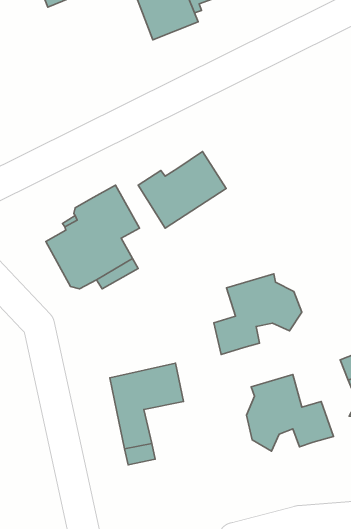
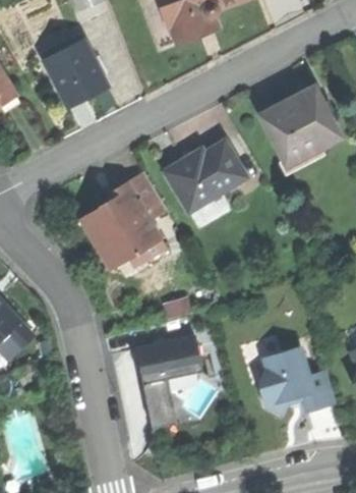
building: none -> [43,40,109,108]
building: none -> [257,87,339,166]
building: [214,274,302,355] -> none

